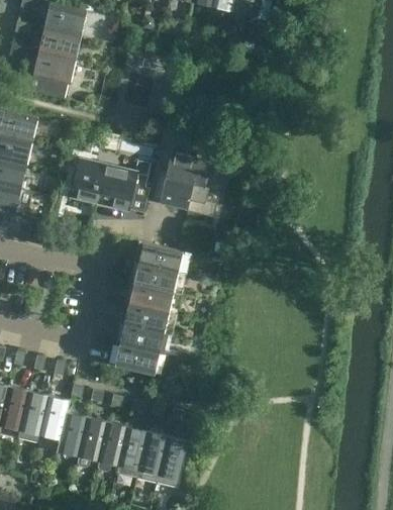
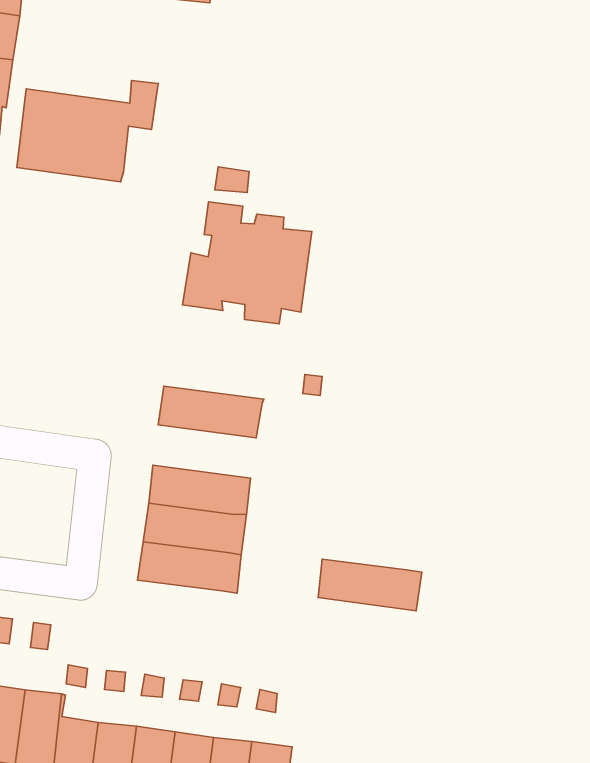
building: [70,159,150,213] -> [17,80,158,182]
building: [127,261,184,294] -> none
building: [109,342,166,375] -> [318,559,422,611]

